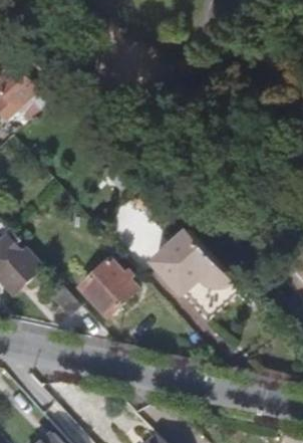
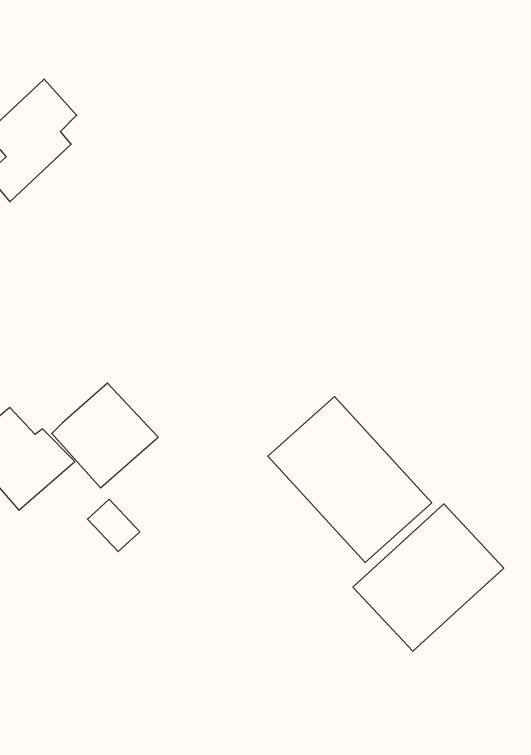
building: [82,257,141,315] -> [52,383,158,488]
building: none -> [353,504,504,651]

